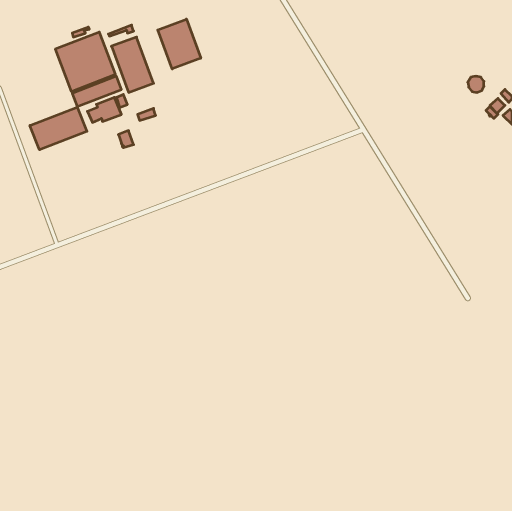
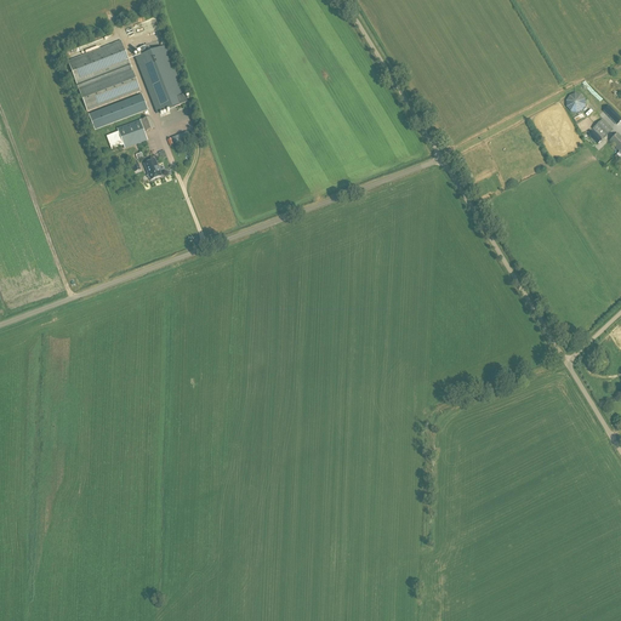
building: [158,19,201,69] -> none
building: [30,107,87,150] -> none

